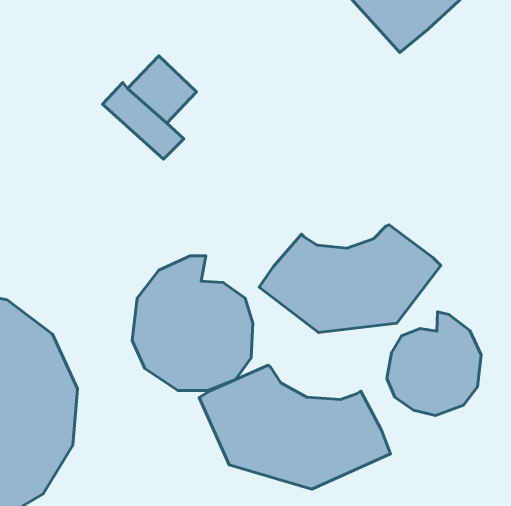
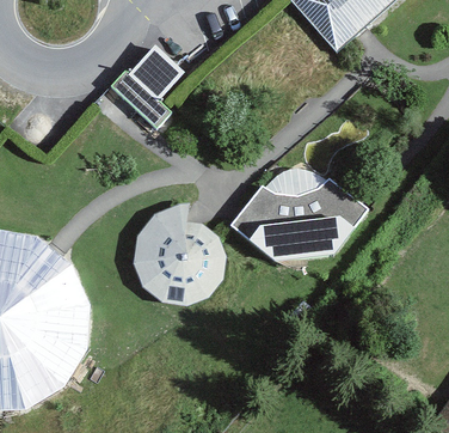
building: none -> [263,169,325,197]
building: [387,312,481,416] -> none
building: [199,365,391,489] -> none

